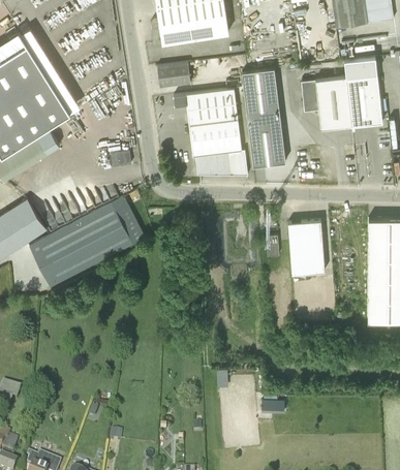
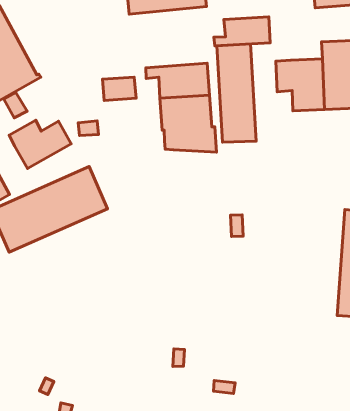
building: none -> [214,17,270,46]
building: [156,62,190,87] -> [102,77,136,100]
building: none -> [9,120,71,168]
building: [287,220,324,274] -> none

